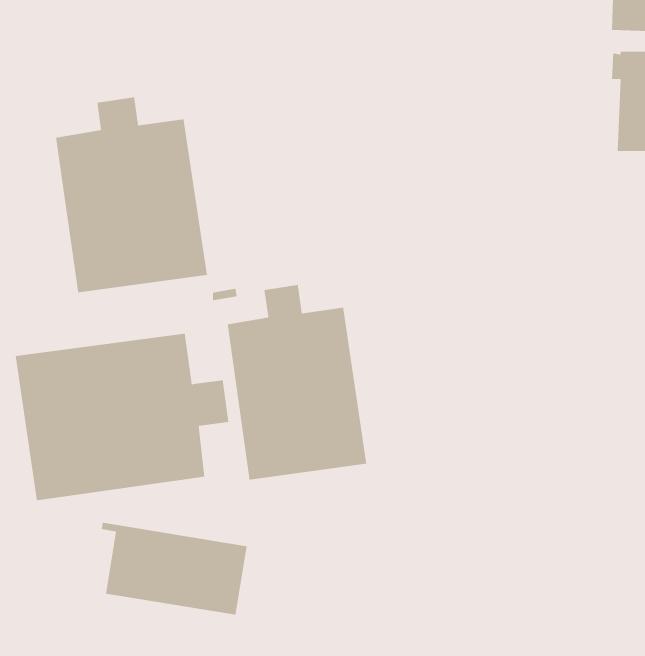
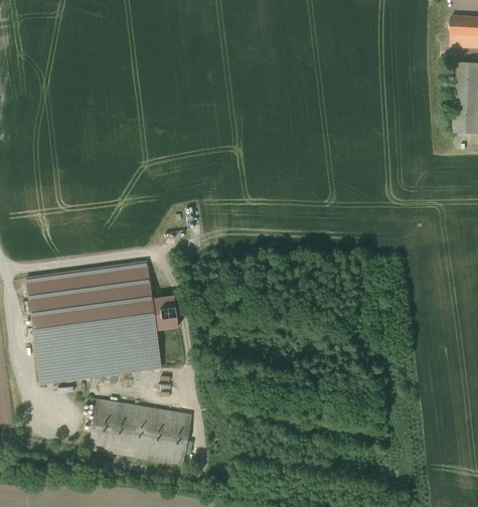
building: [56,96,208,293] -> none
building: [227,284,367,480] -> none

